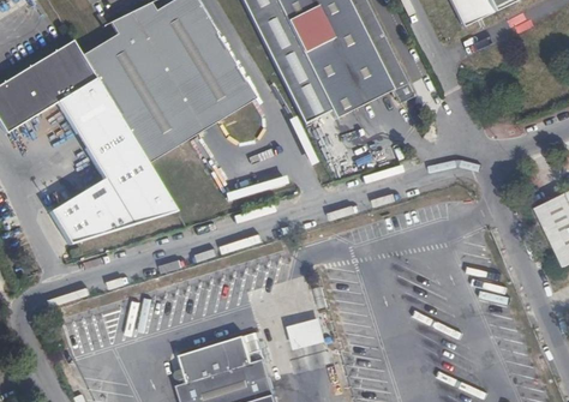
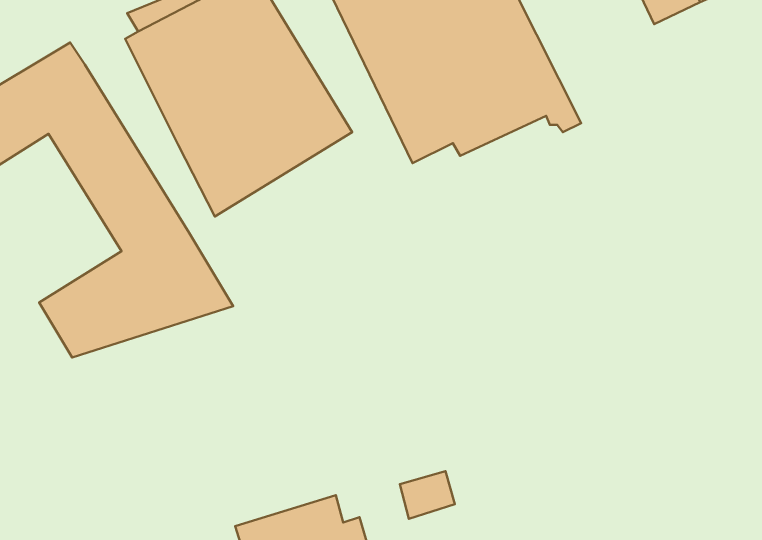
building: [83,36,168,163] -> none

